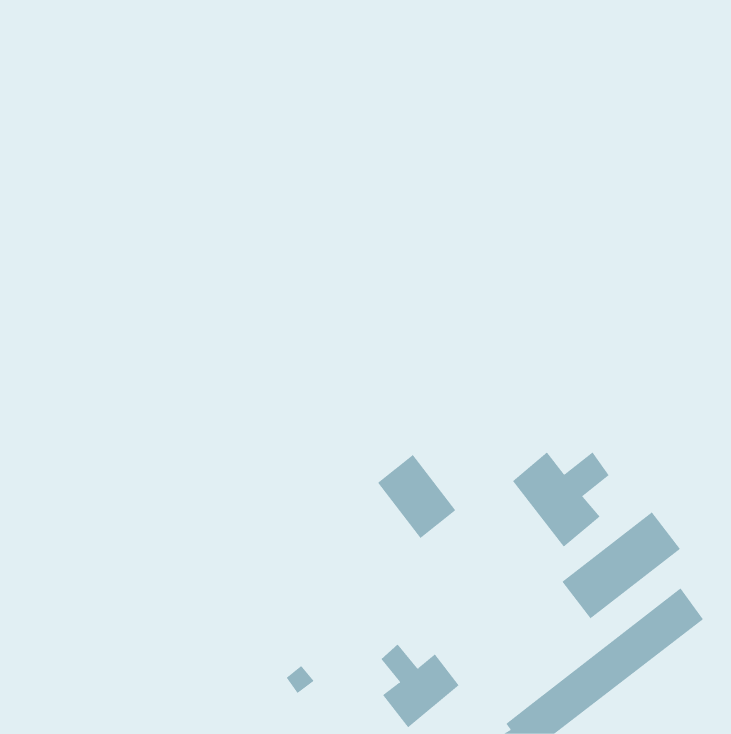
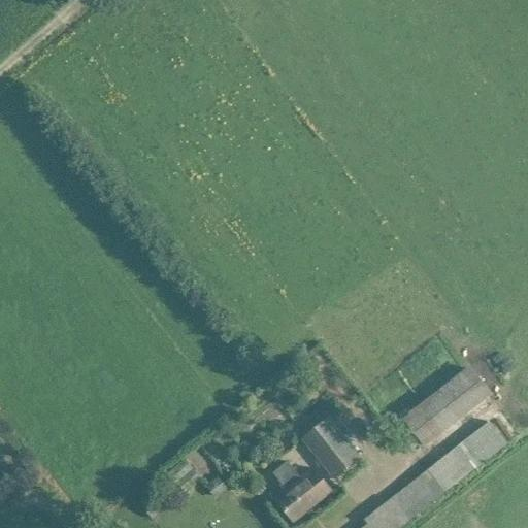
building: [512,452,609,547] -> none
building: [377,454,456,539] -> [302,418,359,478]

